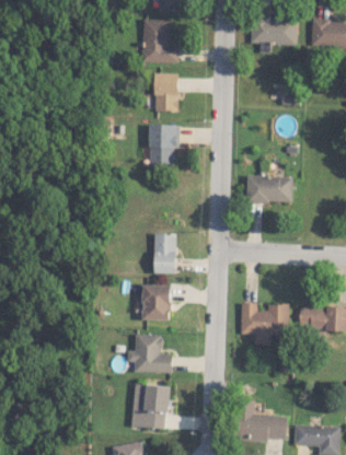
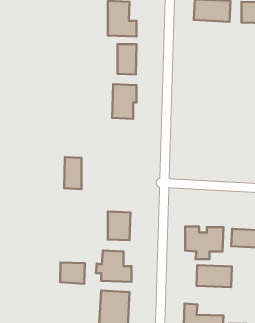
building: [245,175,292,202] -> none
building: [153,233,175,273] -> [64,157,81,189]
building: none -> [60,262,85,284]
building: none -> [197,265,232,287]

